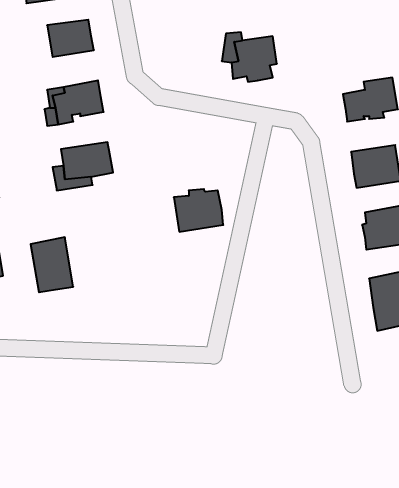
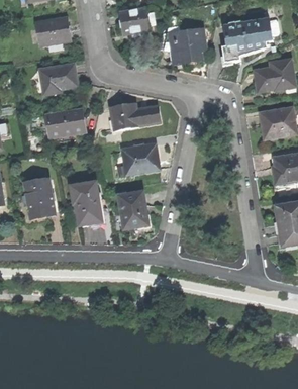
building: none -> [119,8,150,33]
building: none -> [222,19,272,63]
building: none -> [111,102,161,129]
building: none -> [72,181,103,225]
building: none -> [118,192,148,229]

